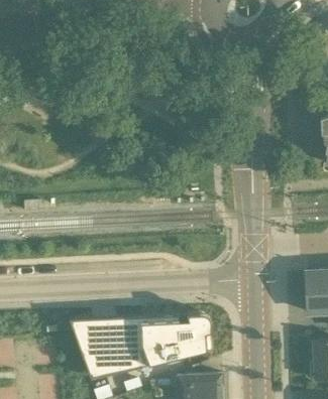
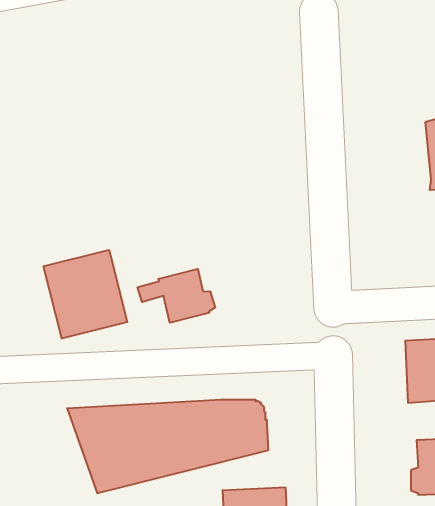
building: none -> [44,250,127,339]
building: none -> [138,269,215,323]

